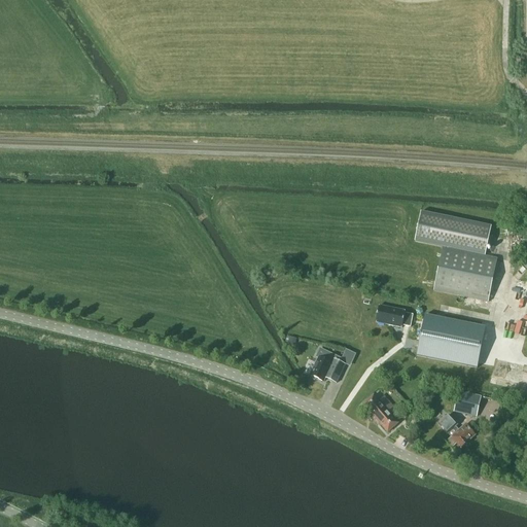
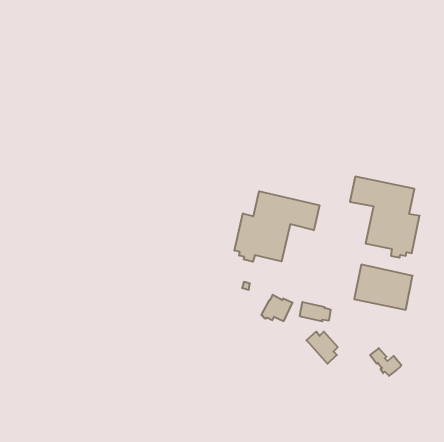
building: none -> [234,191,320,262]
building: [375,303,412,325] -> [300,302,331,321]
building: [453,389,480,415] -> none

